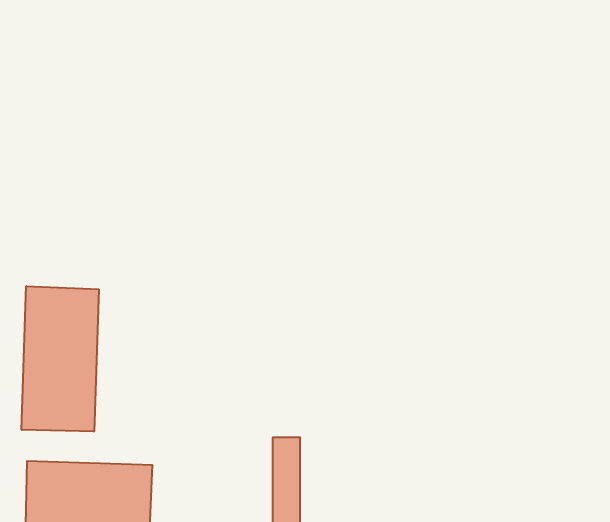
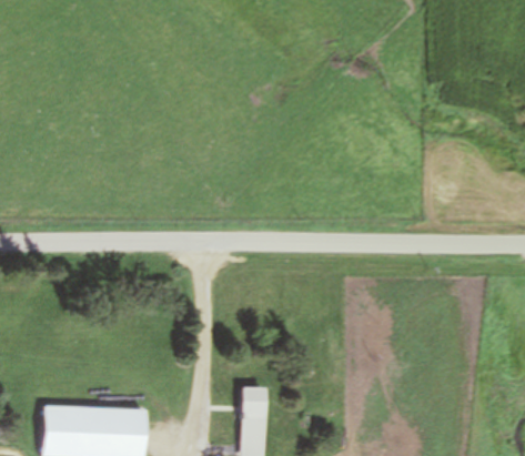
building: [22,286,99,432] -> none

